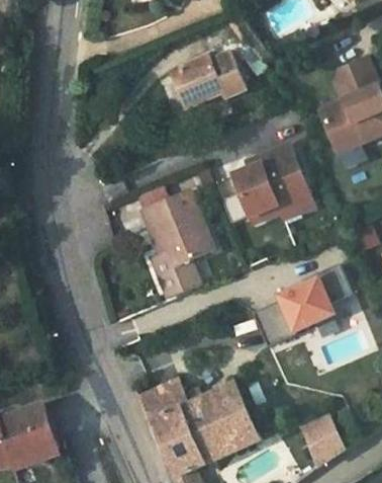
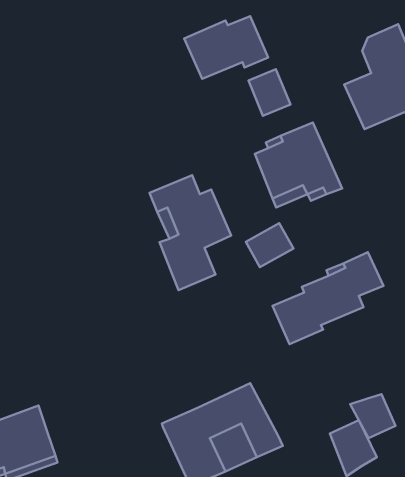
building: none -> [248,69,290,116]
building: none -> [246,223,293,267]
building: [134,377,184,423] -> none
building: none -> [350,394,395,438]

